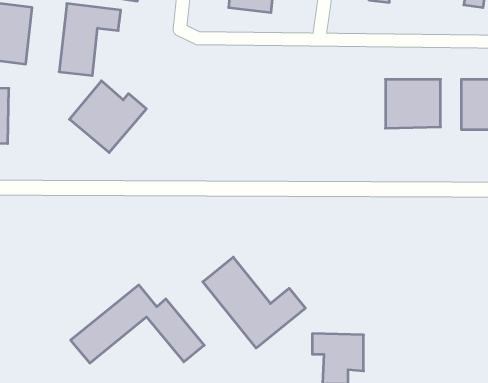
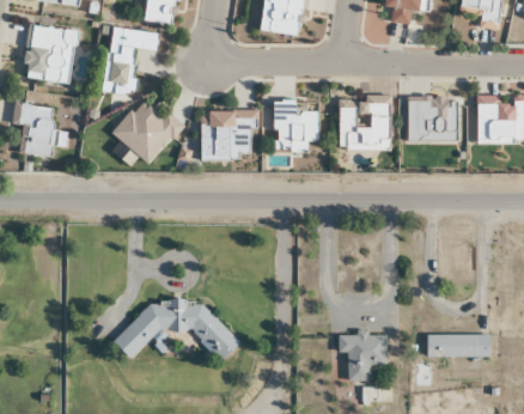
building: none -> [340,97,390,150]
building: none -> [274,99,319,151]
building: none -> [202,109,257,159]
building: [203,257,305,348] -> none
building: none -> [427,335,491,357]

